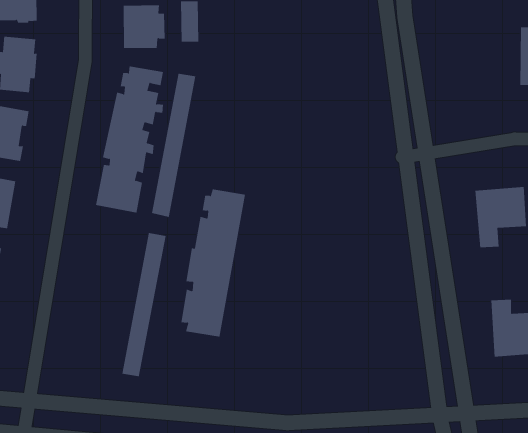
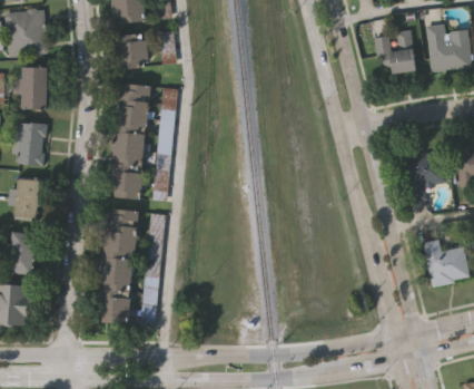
building: none -> [375,29,416,72]
building: [180,189,246,337] -> [96,207,138,323]

